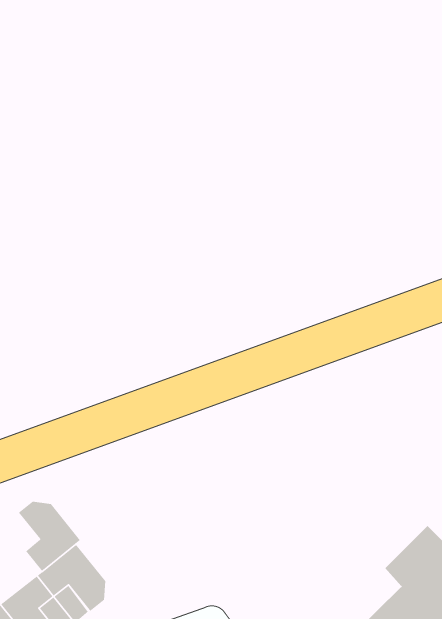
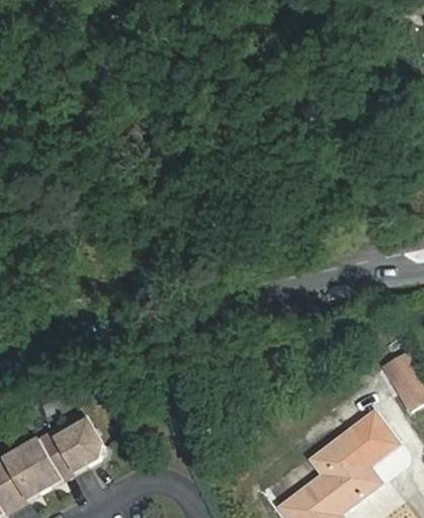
building: [18,501,81,572] -> none

